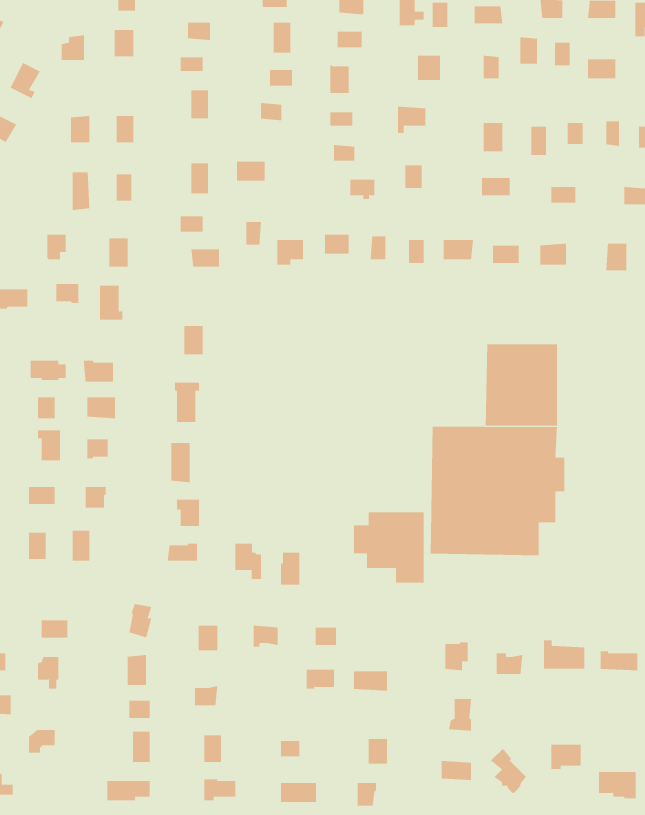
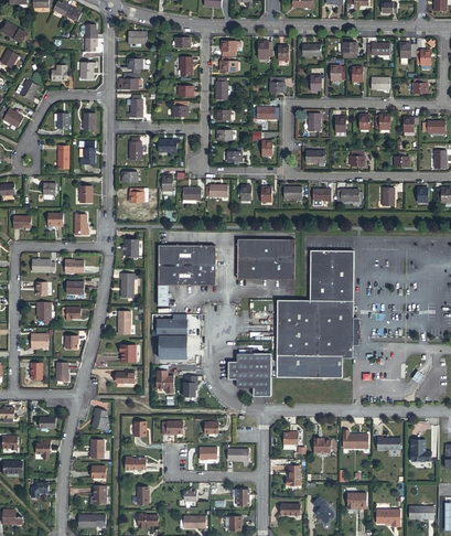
building: none -> [236,238,292,279]
building: none -> [158,245,215,307]
building: none -> [158,319,187,358]

